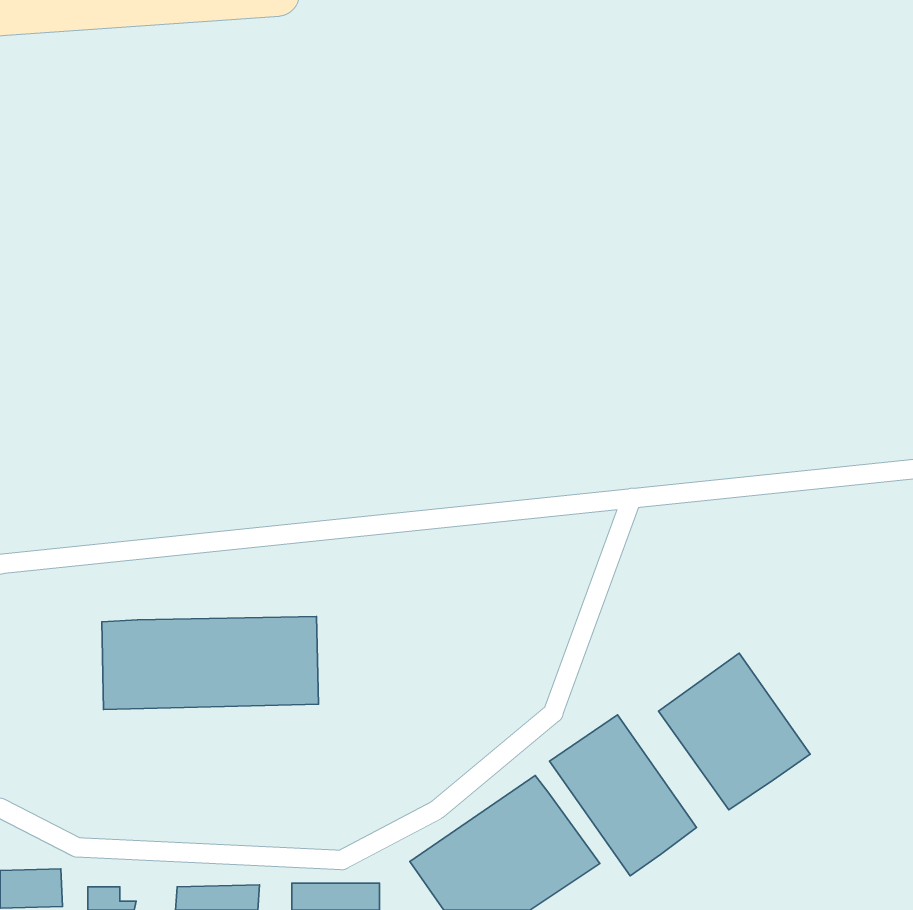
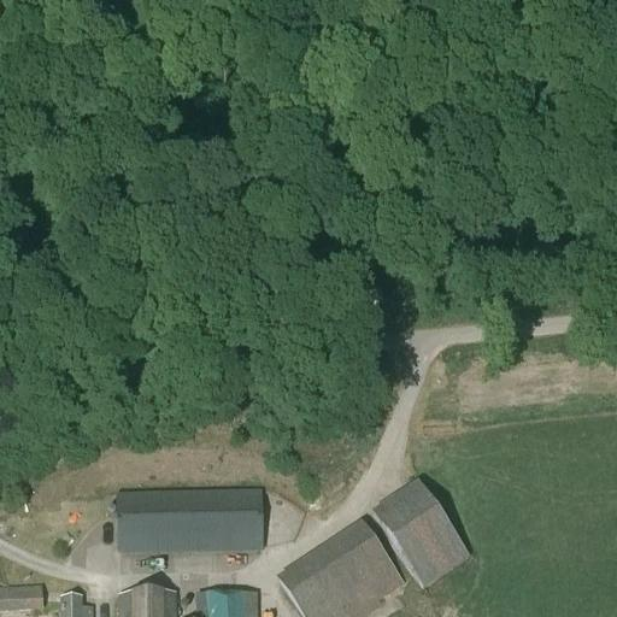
building: [102,616,318,709] -> [118,489,264,552]
building: [659,653,810,810] -> none

